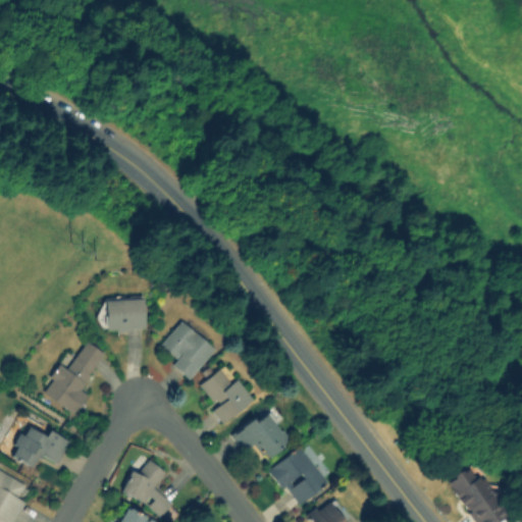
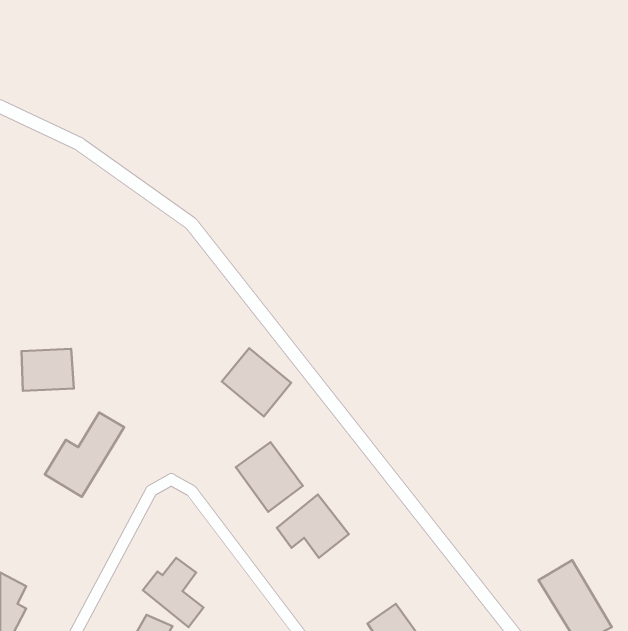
building: [103,297,146,331] -> [22,349,74,391]
building: [159,321,216,377] -> [222,348,291,416]
building: [11,427,70,468] -> none
building: [269,447,329,508] -> none

